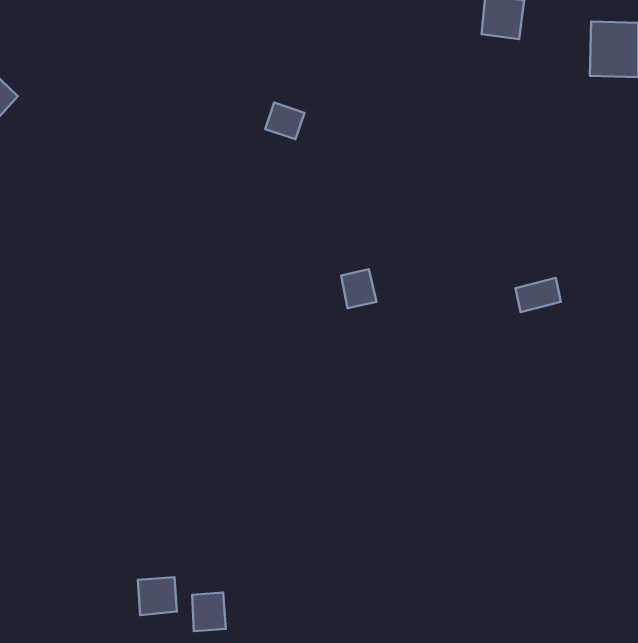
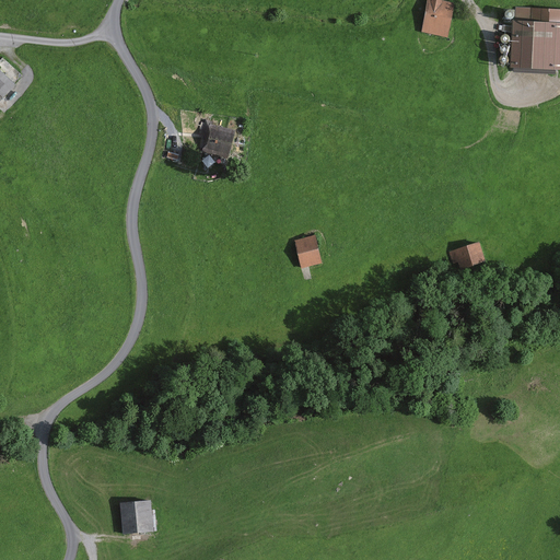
building: [265,103,304,139] -> [205,125,238,156]
building: [192,593,226,631] -> none

